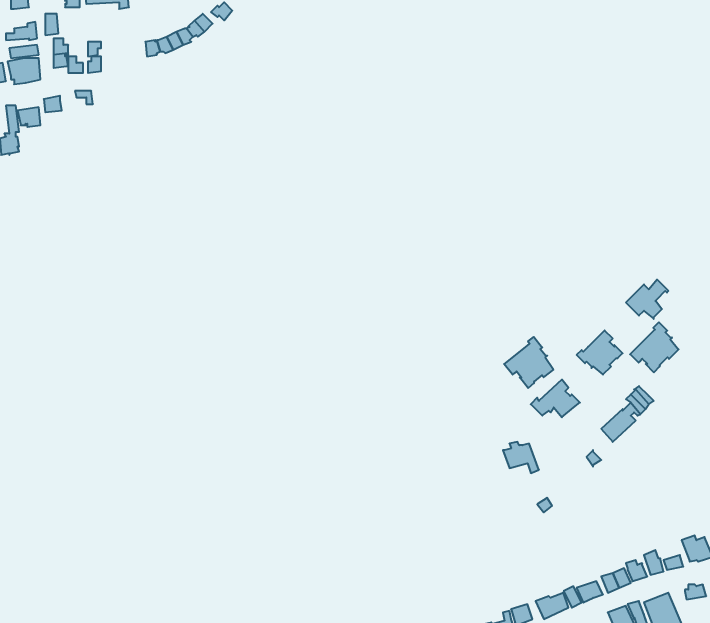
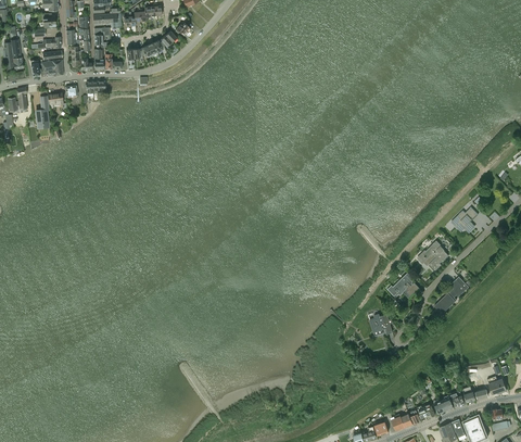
building: [630,322,679,372] -> none
building: [504,337,553,388] -> none

